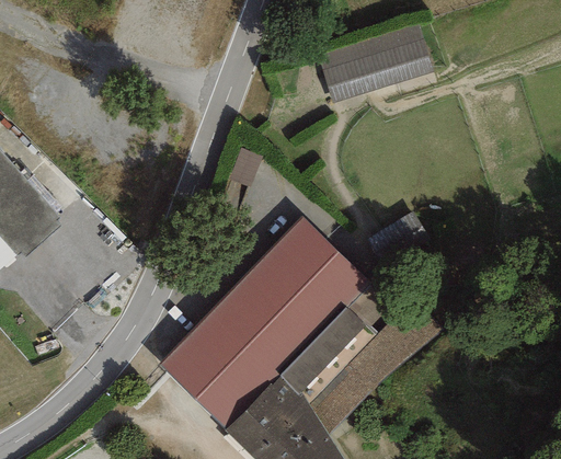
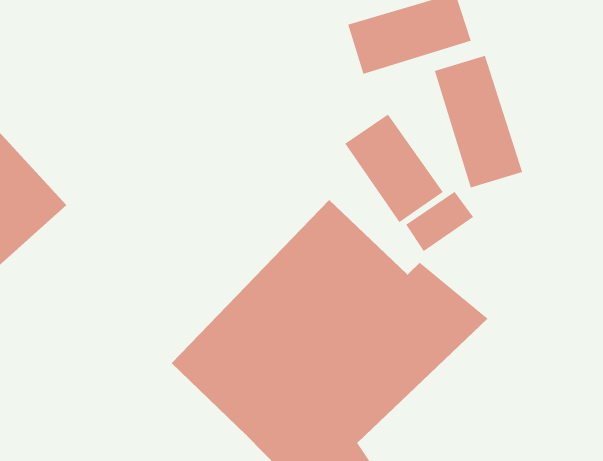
building: none -> [434,55,523,189]
building: none -> [344,114,444,223]

